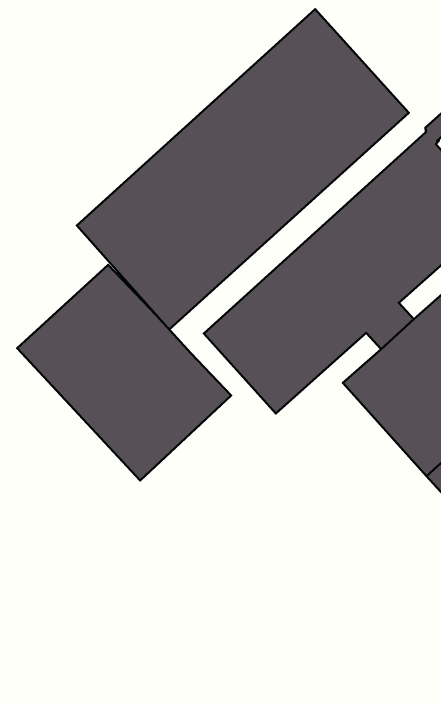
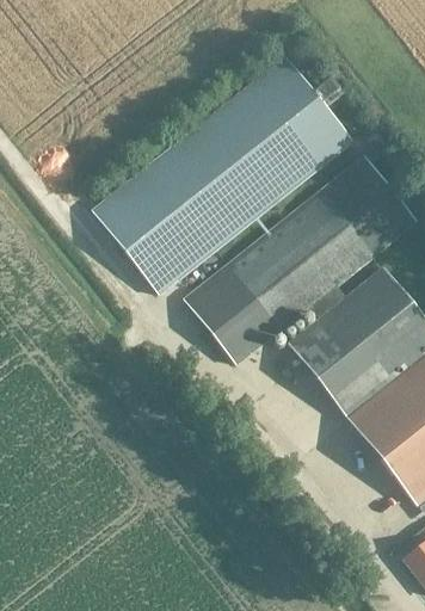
building: [17,265,231,481] -> none

